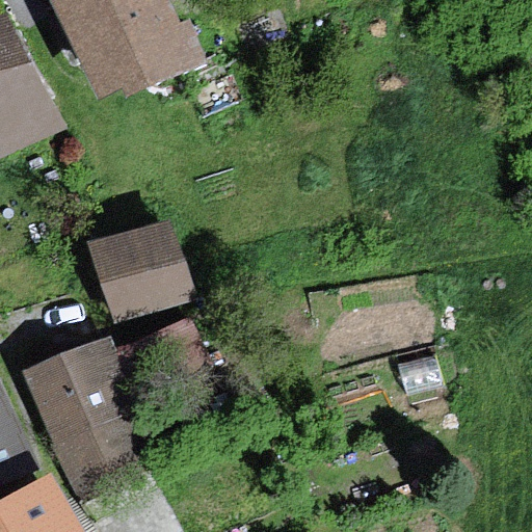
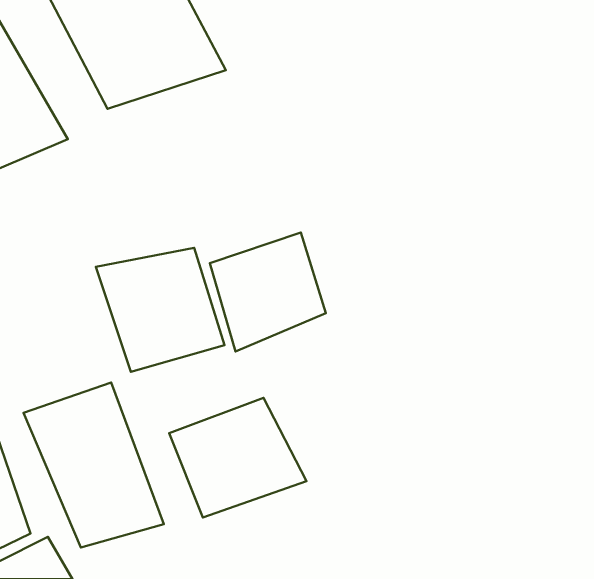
building: none -> [210,233,326,351]
building: none -> [169,398,307,518]

